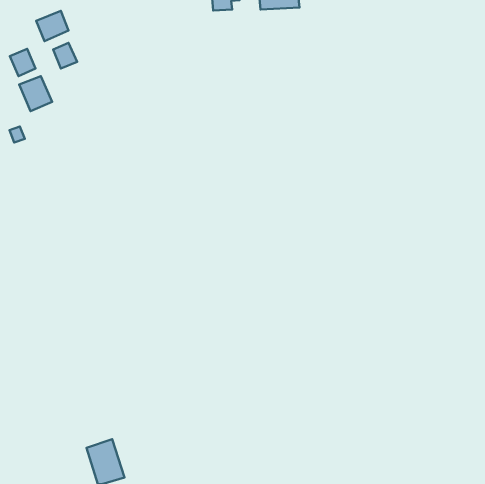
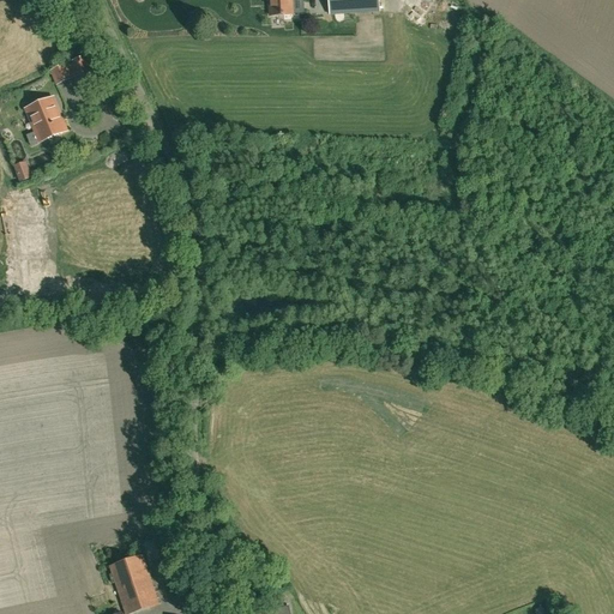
building: [36,11,68,41] -> none
building: [10,49,35,76] -> none

